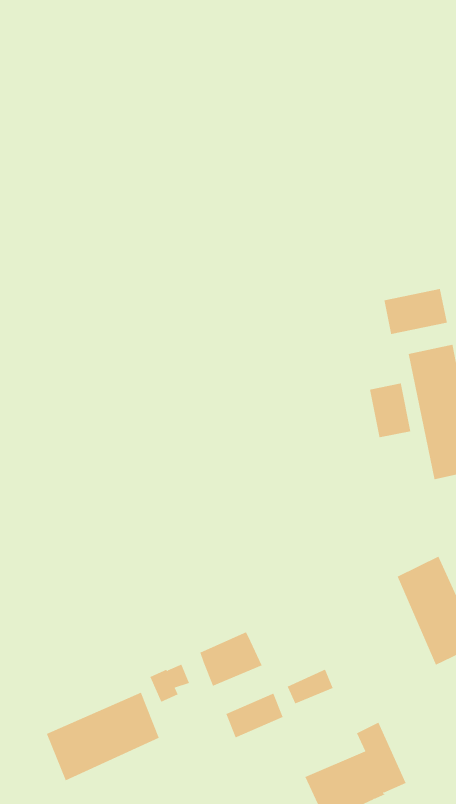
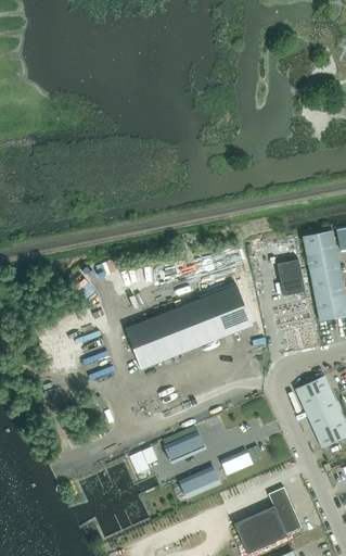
building: [384,288,448,335] -> none
building: none -> [124,282,254,370]
building: [46,692,160,781] -> none

